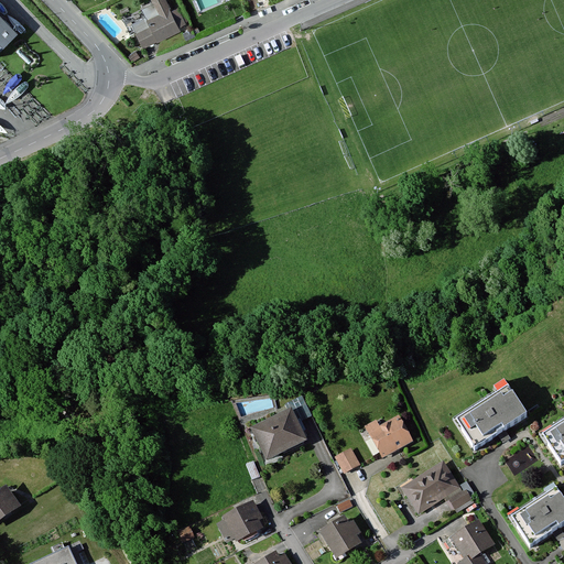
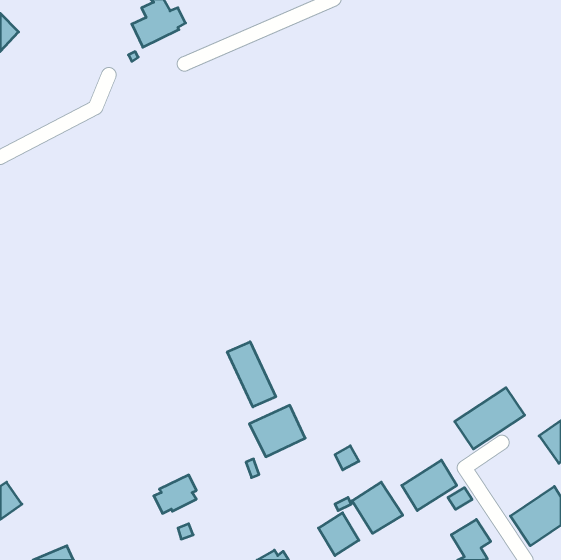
building: none -> [227,342,276,407]
building: [370,419,412,456] -> none
building: none -> [352,482,403,533]
building: [218,501,261,540] -> [154,475,196,513]

